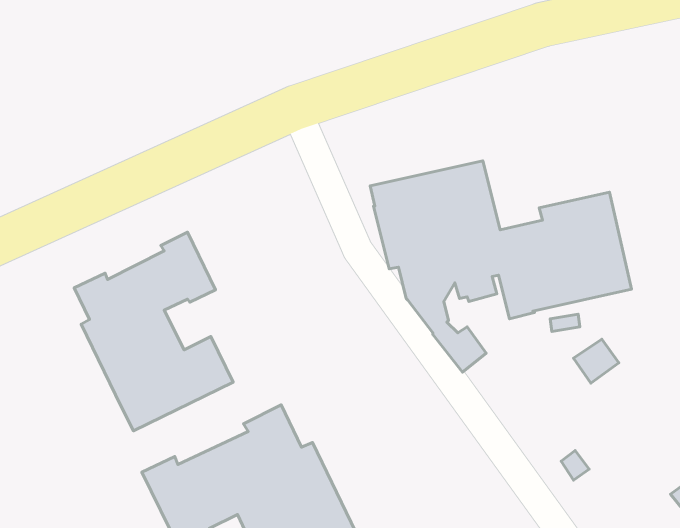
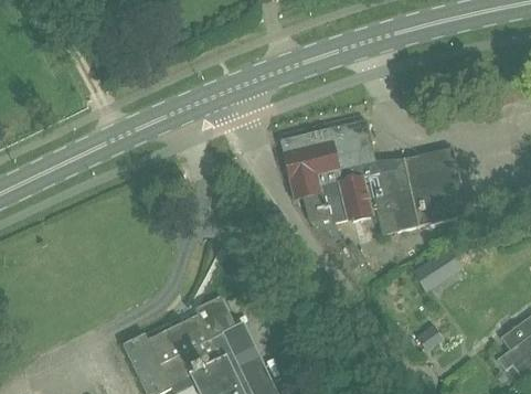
building: [74,232,233,431] -> none

